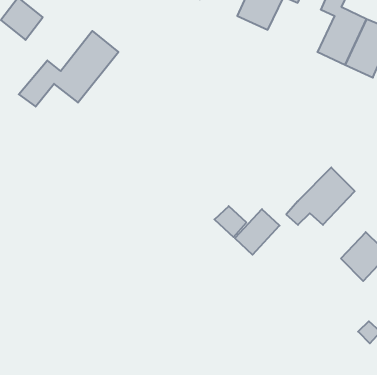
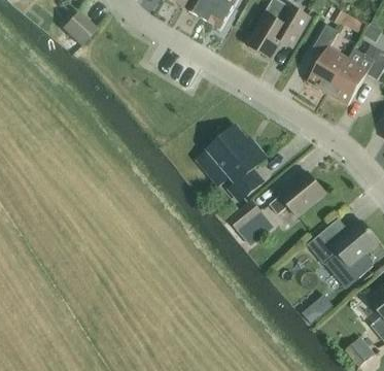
building: [19,31,118,107] -> none
building: none -> [207,125,266,200]

